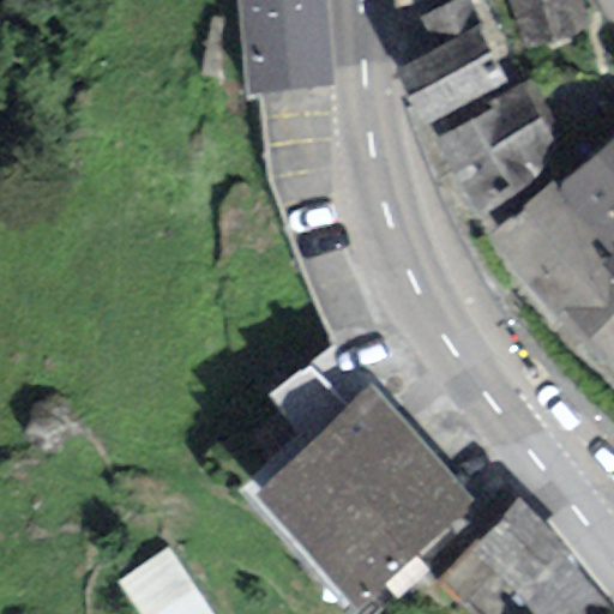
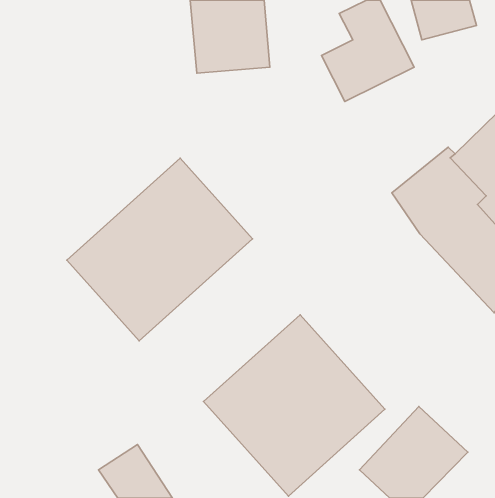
building: [438,82,576,217] -> none
building: none -> [67,158,253,341]

